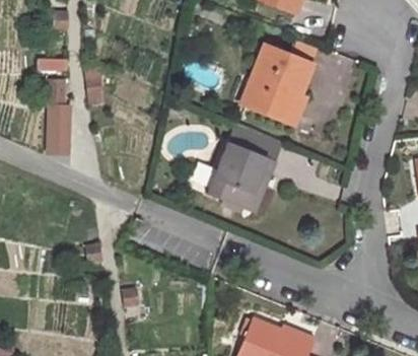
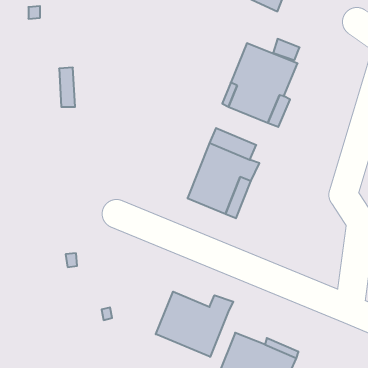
building: [42,77,69,154] -> none
building: none -> [156,292,233,357]

